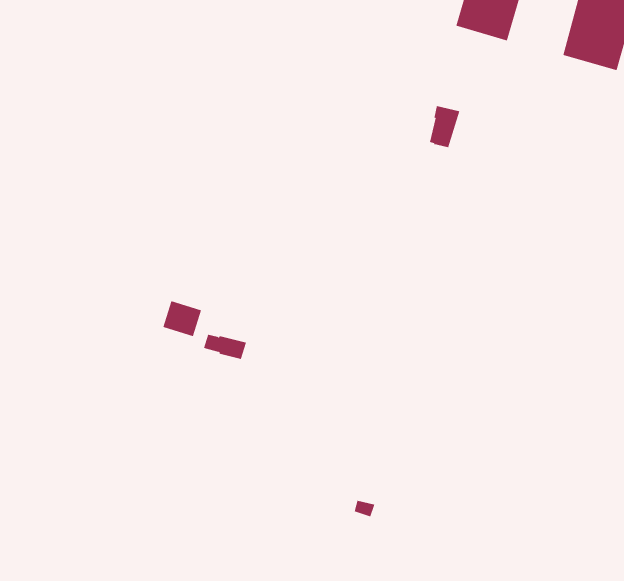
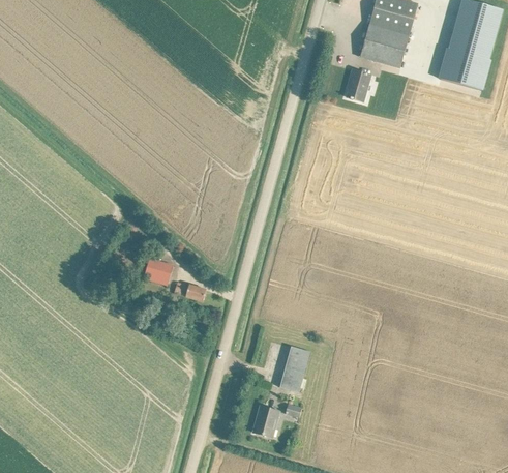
building: [429,106,460,148] -> [348,69,370,100]
building: none -> [279,346,310,392]
building: none -> [256,406,278,437]

